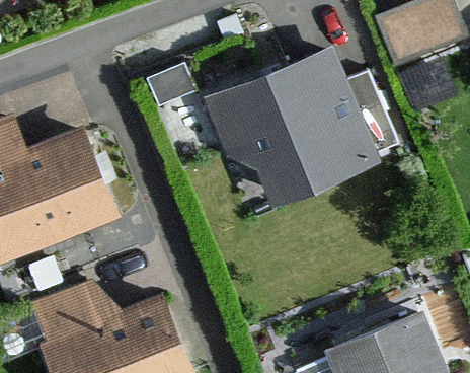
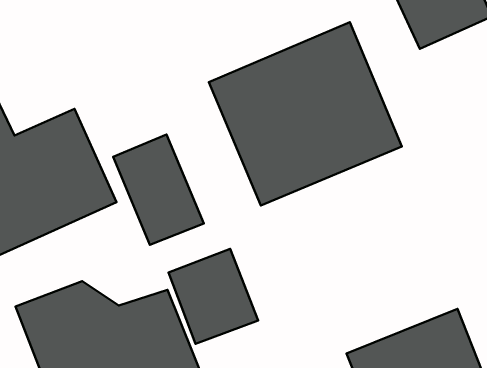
building: none -> [113,134,204,245]
building: none -> [168,249,258,344]

